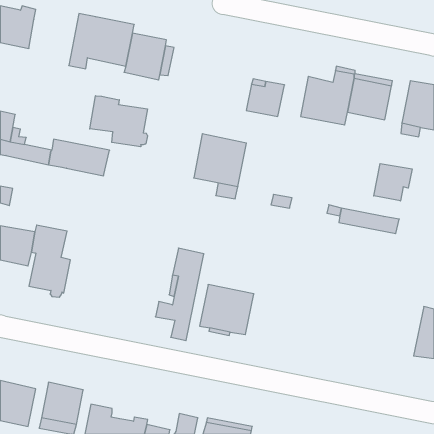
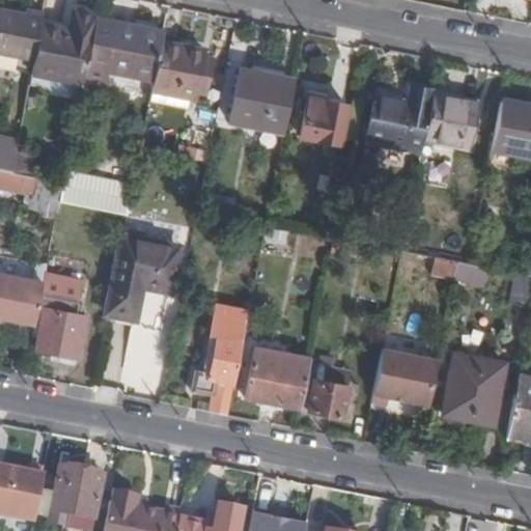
building: none -> [32,8,96,84]
building: [90,96,148,147] -> none
building: [194,134,246,186] -> [230,68,295,133]
building: [374,164,412,201] -> none
building: none -> [108,235,177,317]
building: none -> [442,352,504,423]
building: none -> [371,354,437,406]
building: none -> [308,365,347,417]

